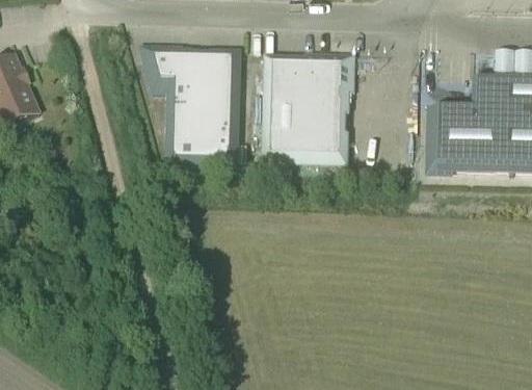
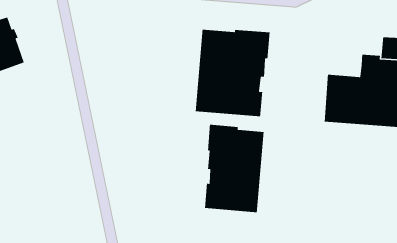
building: [139,52,237,165] -> none
building: none -> [204,124,264,213]

